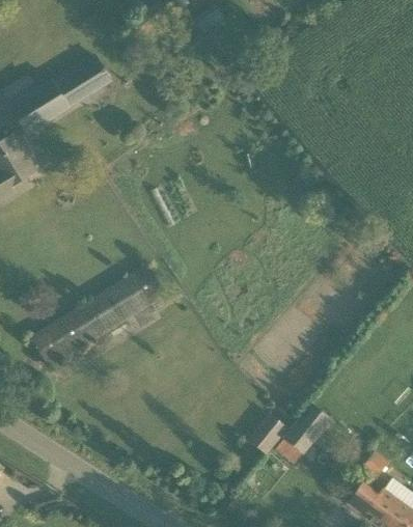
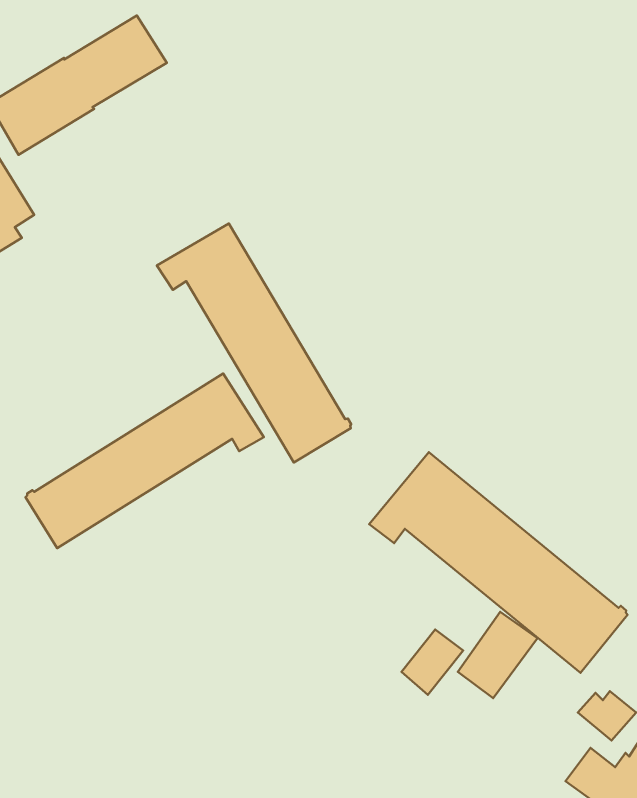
building: none -> [157,223,351,463]
building: none -> [369,452,627,673]

